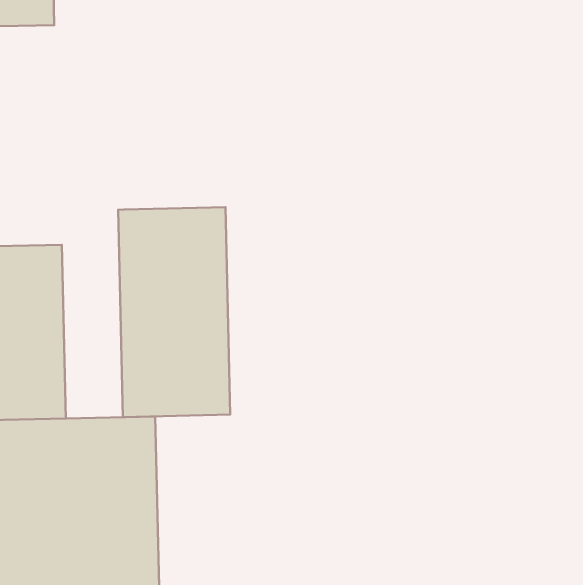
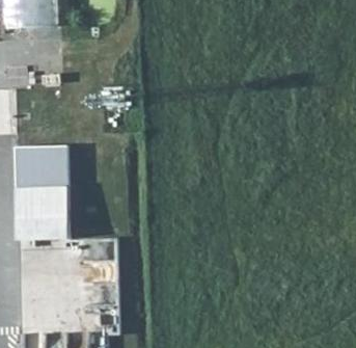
building: [118,207,230,417] -> none

